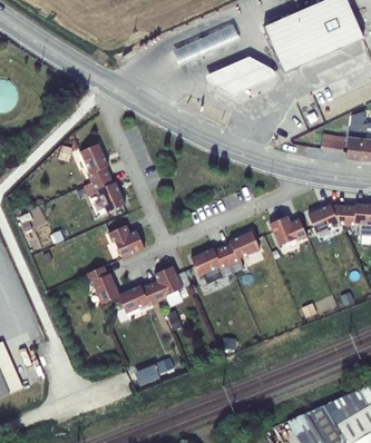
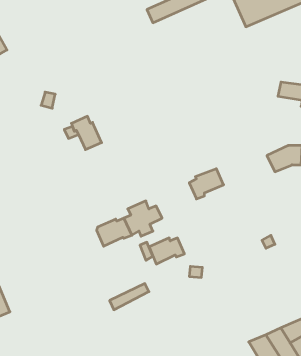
building: [204,57,273,95] -> none
building: [80,139,109,179] -> none
building: [269,215,309,247] -> none
building: [107,224,146,259] -> none
building: [191,245,230,274] -> [149,238,184,264]
building: [85,265,120,305] -> none

